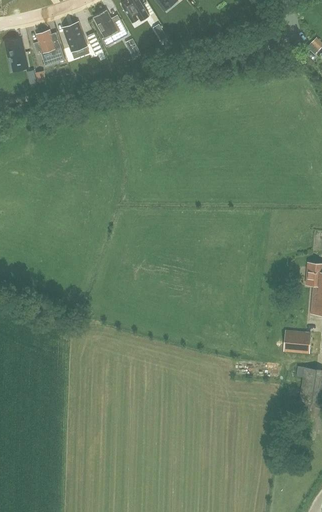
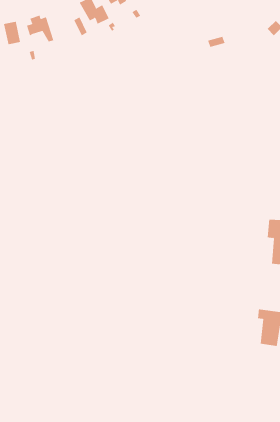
building: [62,22,86,50] -> none
building: [283,330,310,352] -> none

